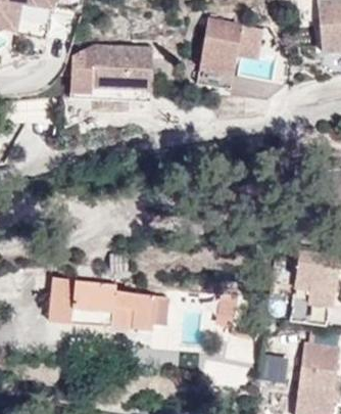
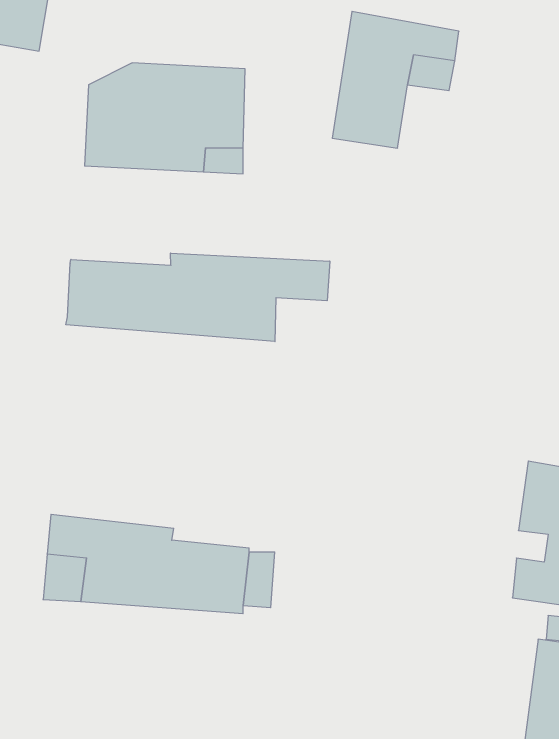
building: none -> [66,253,330,342]

